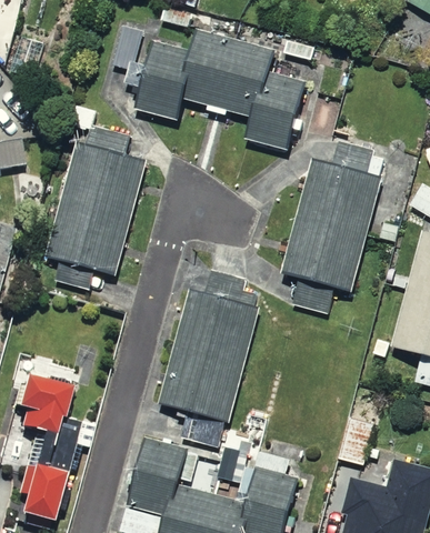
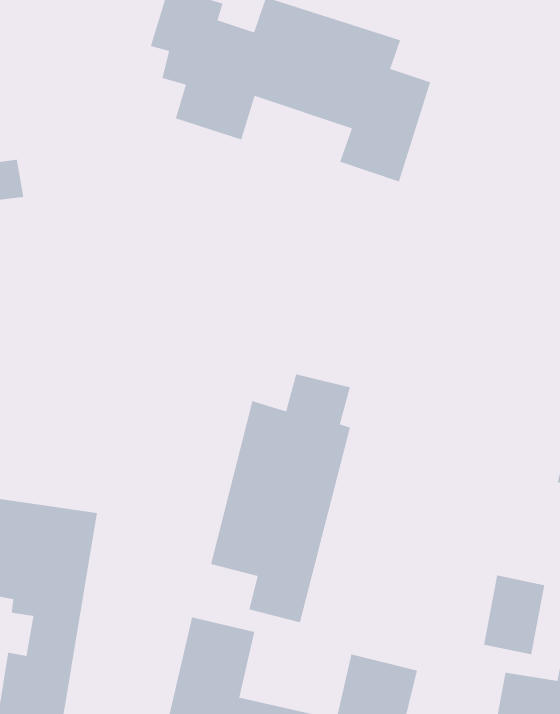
building: [53,124,156,289] -> none
building: [281,145,379,313] -> none

